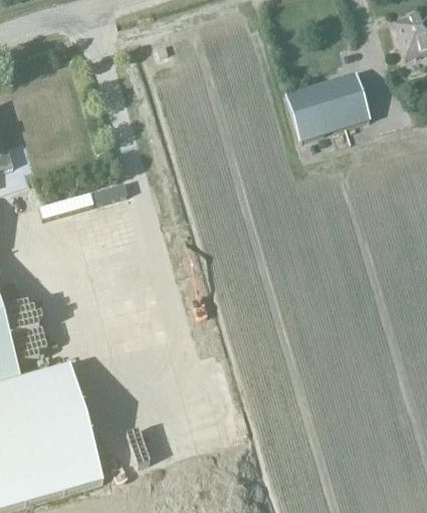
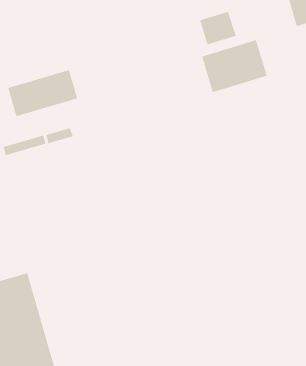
building: none -> [199,11,237,45]
building: none -> [7,69,78,117]

